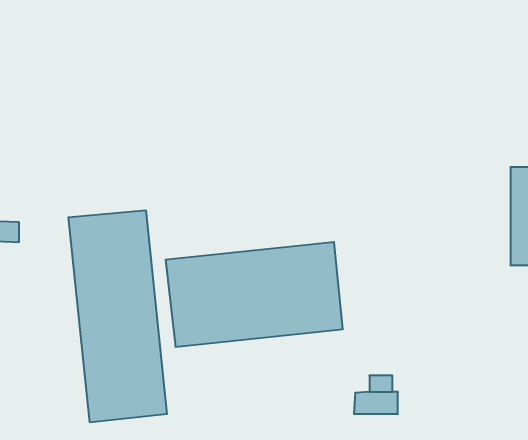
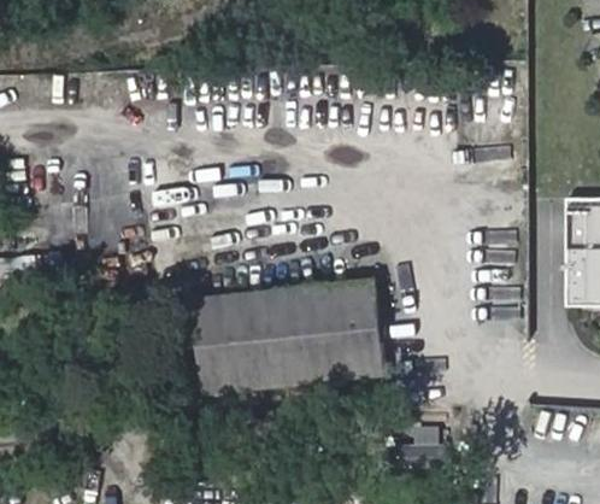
building: [68,210,167,422] -> none

